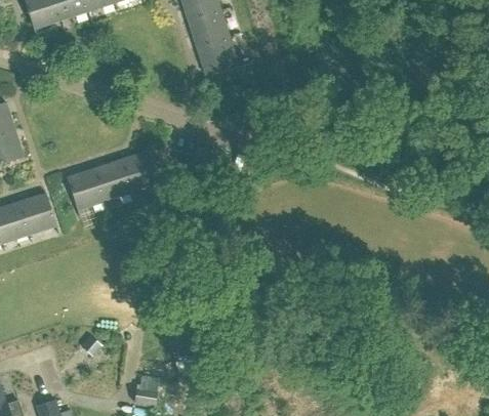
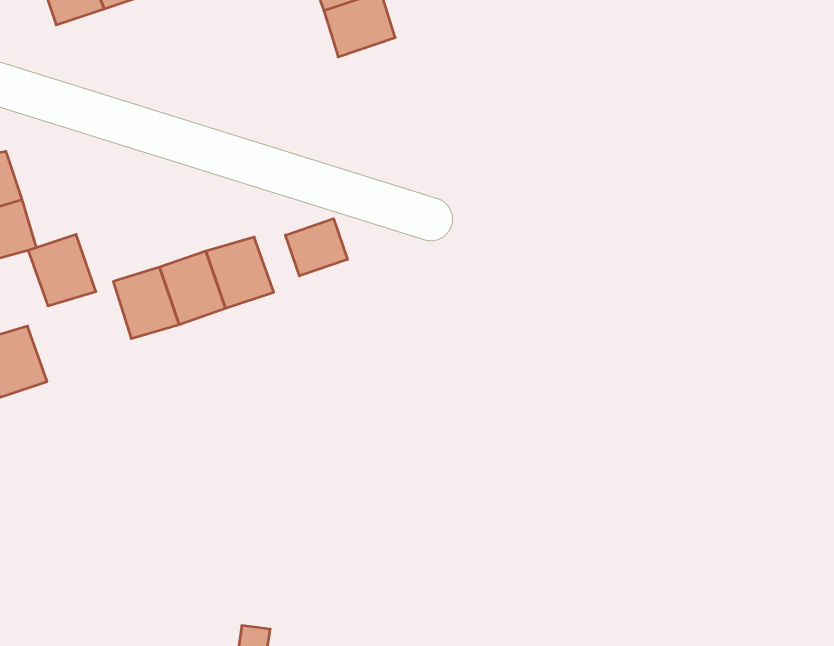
building: [196,36,238,75] -> none
building: none -> [285,219,347,276]
building: [17,193,56,234] -> [28,234,96,306]

